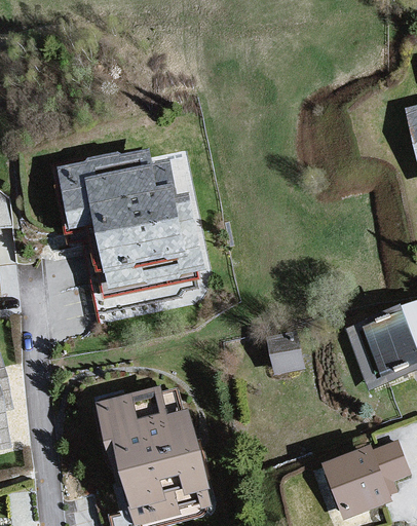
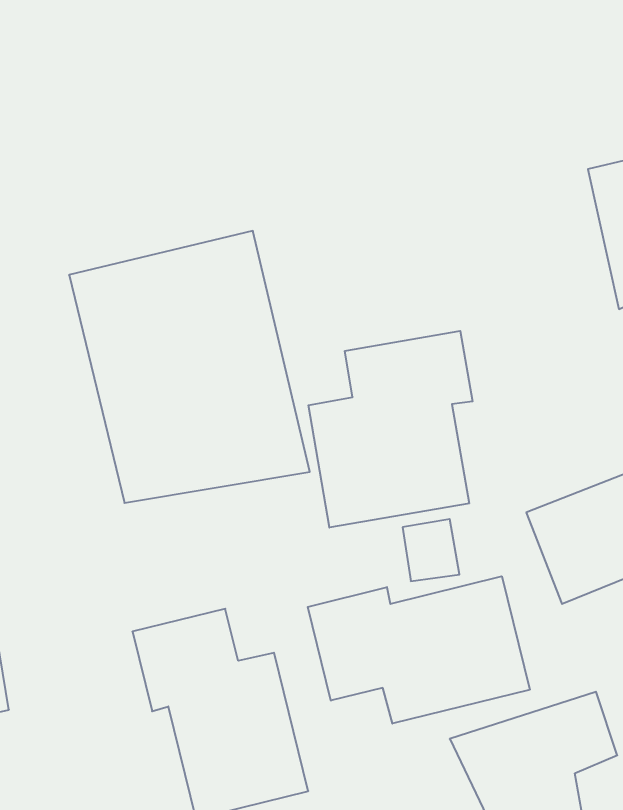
building: none -> [308,331,473,528]
building: none -> [308,576,530,724]

